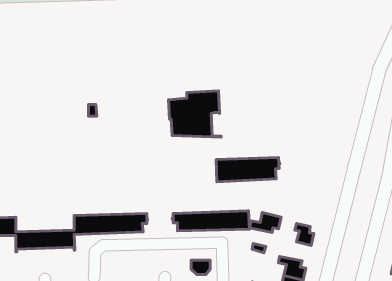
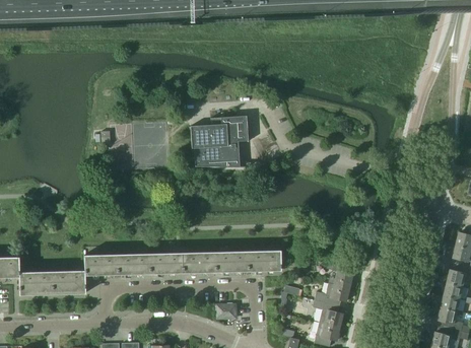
building: [216,157,280,182] -> none
building: [249,213,281,233] -> [314,283,349,305]
building: none -> [160,253,200,273]

